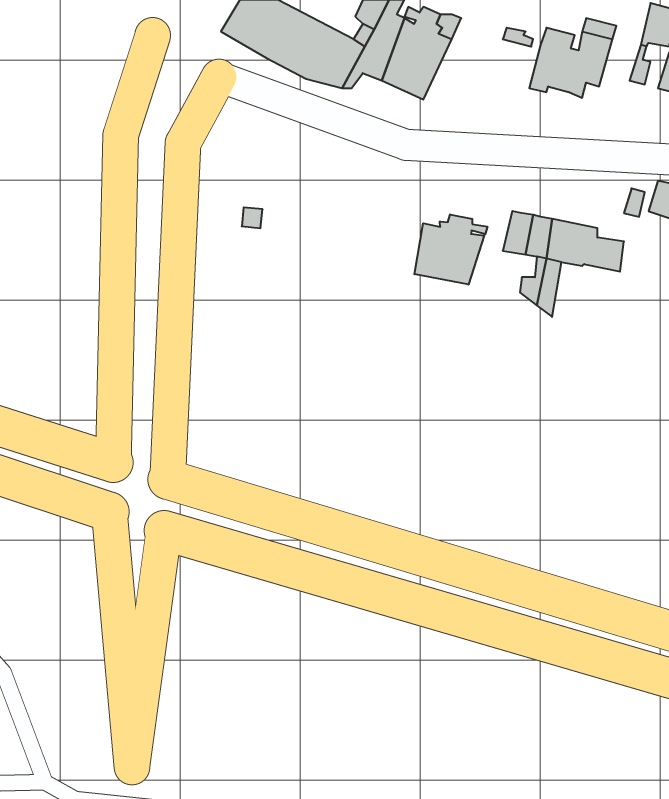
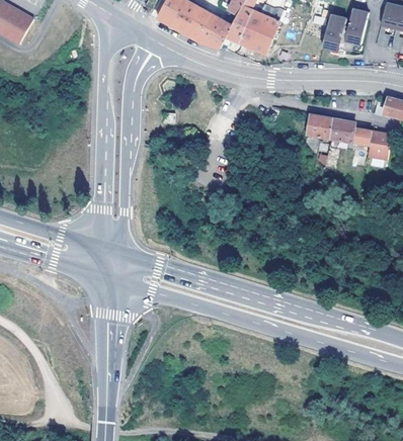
building: [414,214,487,285] -> none
building: none -> [368,129,391,159]

